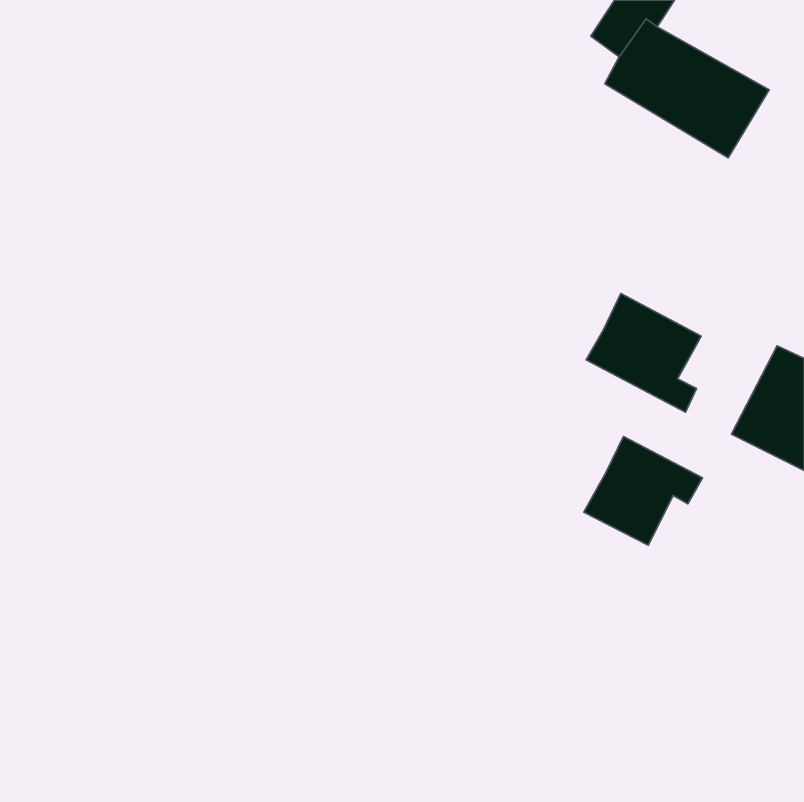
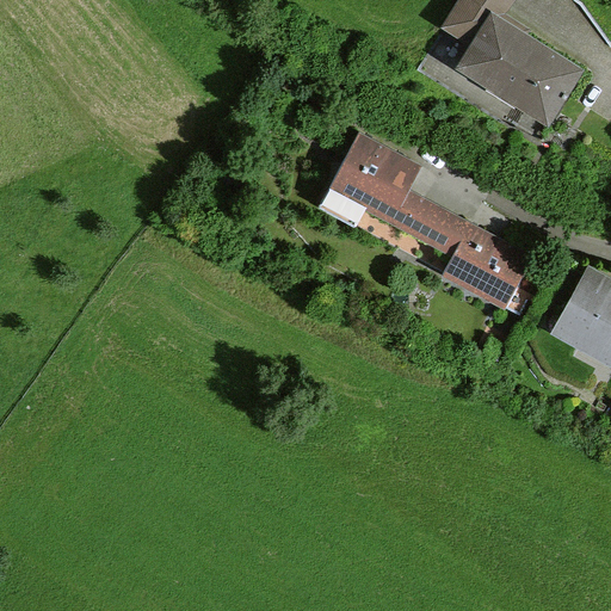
building: none -> [321,134,469,253]
building: [584,436,703,545] -> none

